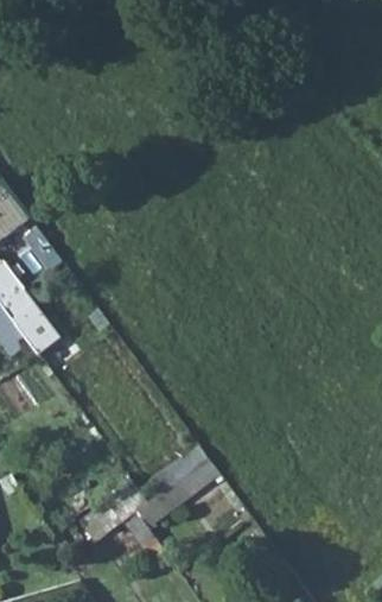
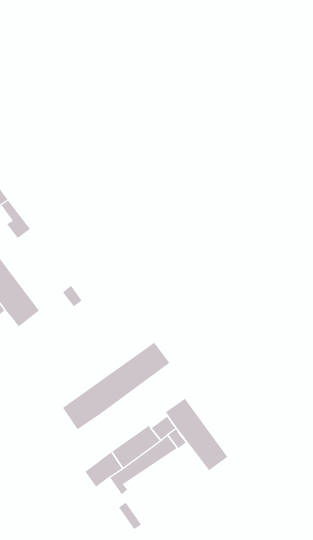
building: none -> [62,342,170,430]
building: none -> [165,398,228,471]

